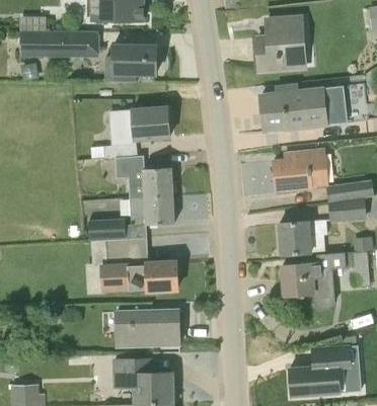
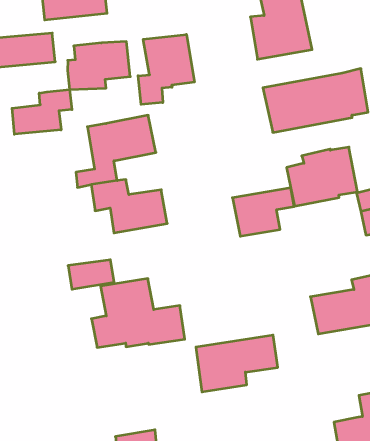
building: none -> [138,34,194,104]
building: none -> [12,89,72,134]
building: [130,194,174,226] -> none
building: [279,220,327,254] -> [232,188,294,236]
building: [116,310,179,349] -> [196,335,278,392]

